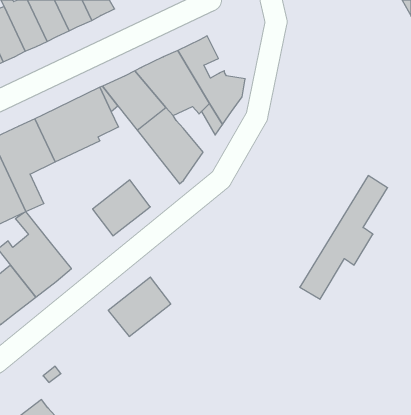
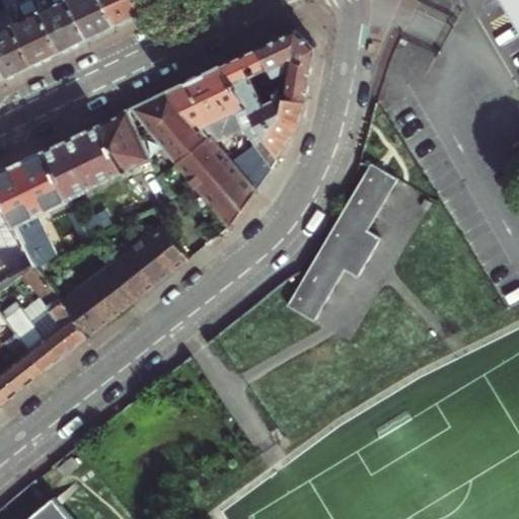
building: none -> [258,29,315,99]
building: none -> [229,140,269,191]
building: [300,176,388,299] -> [286,162,395,316]
building: [108,277,171,336] -> [63,262,141,336]

